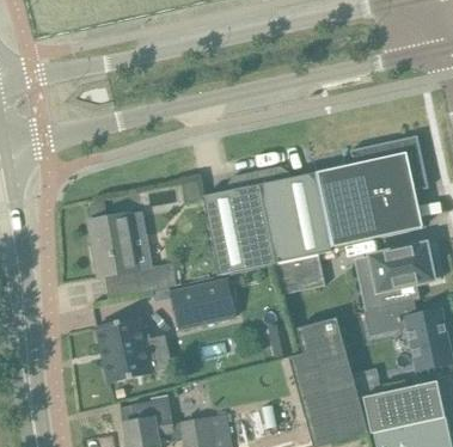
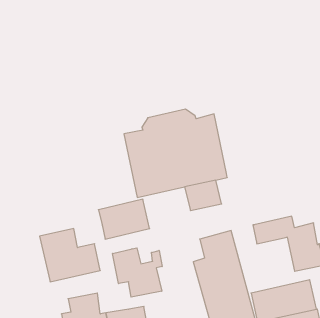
building: [316,137,429,246] -> none
building: [91,210,177,294] -> none
building: [360,243,441,311] -> none
building: none -> [113,248,162,297]

